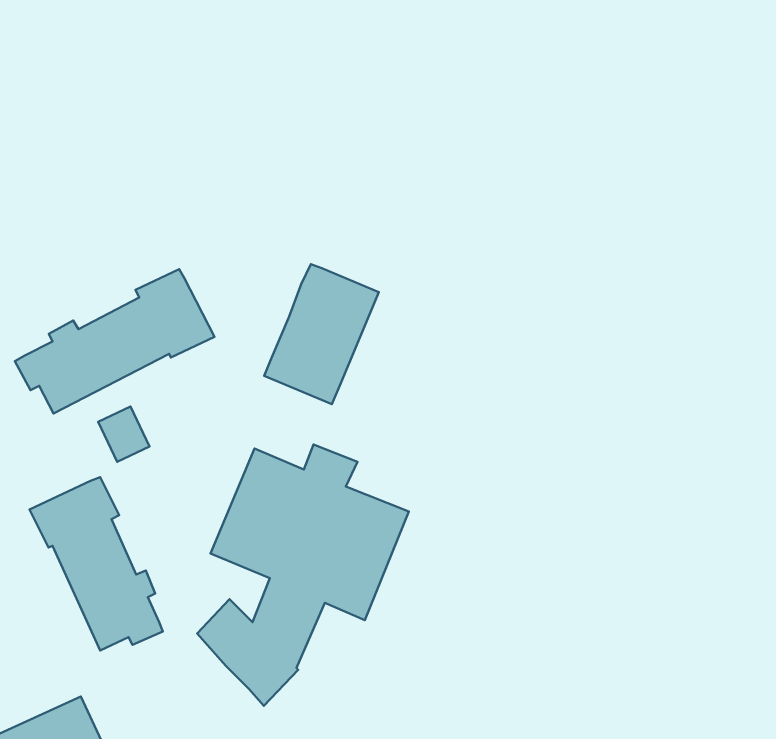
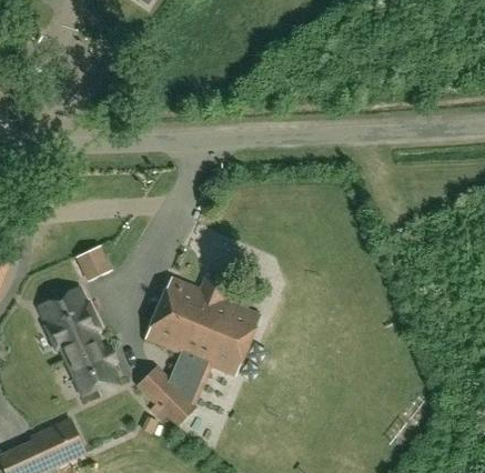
building: [264,264,379,404] -> none
building: [15,269,214,413] -> none

